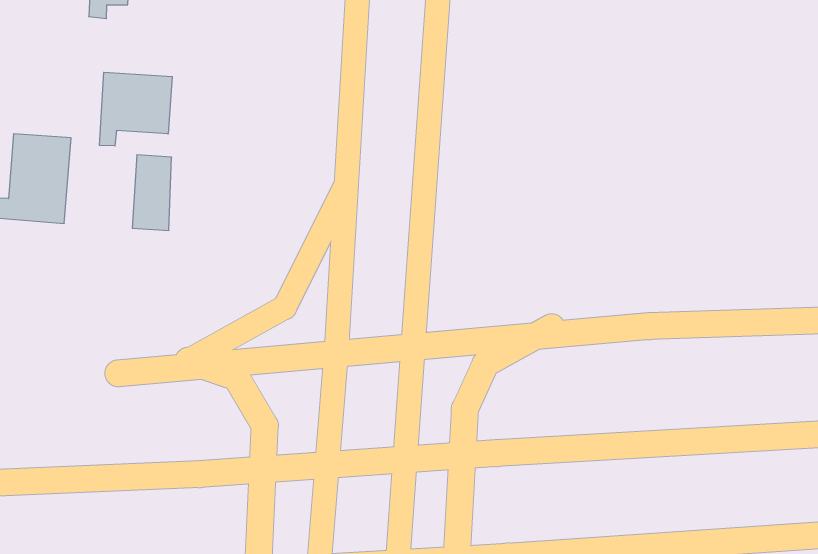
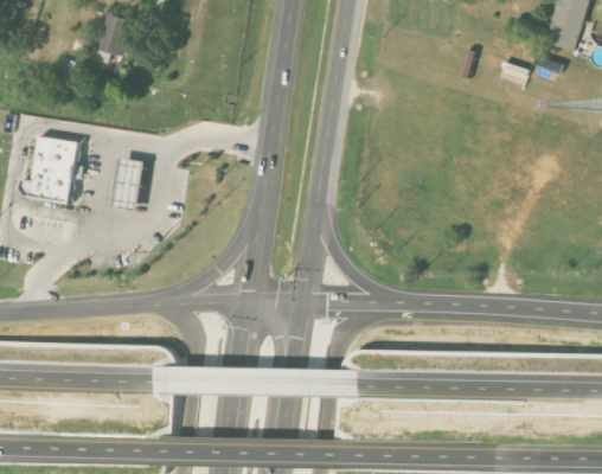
building: [99,72,172,146] -> none

